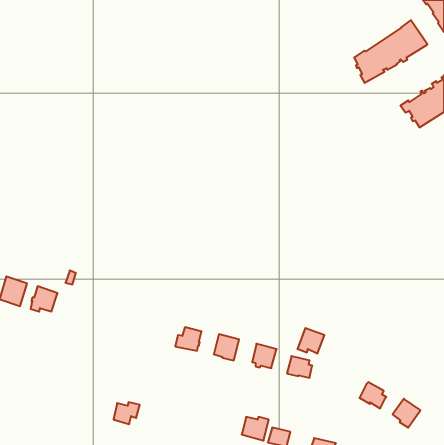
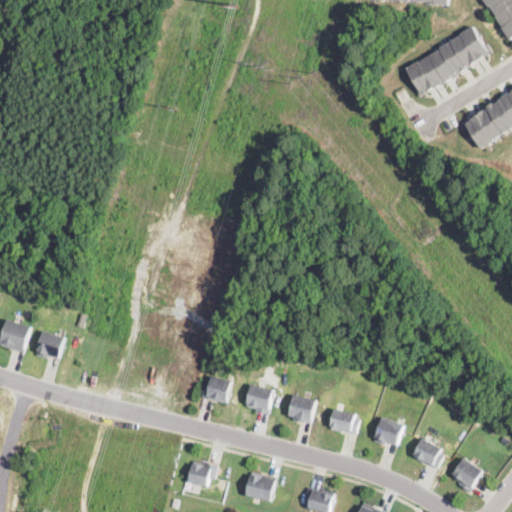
building: [297,328,324,353] -> [373,417,404,446]
building: [114,402,140,424] -> [188,462,218,487]
building: [242,417,269,441] -> [245,475,276,502]

